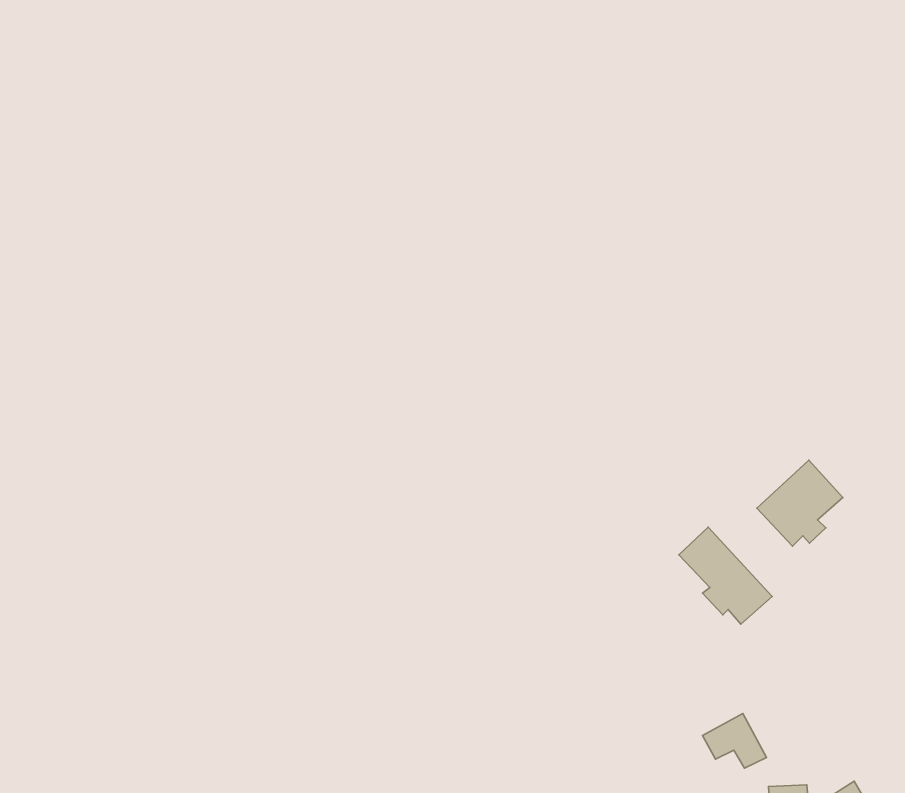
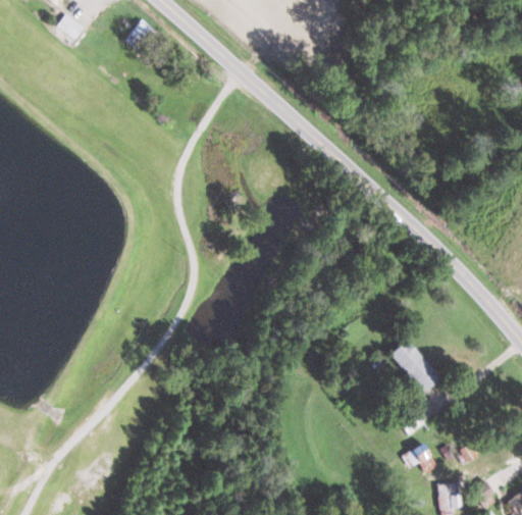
building: [757,460,843,546] -> none

